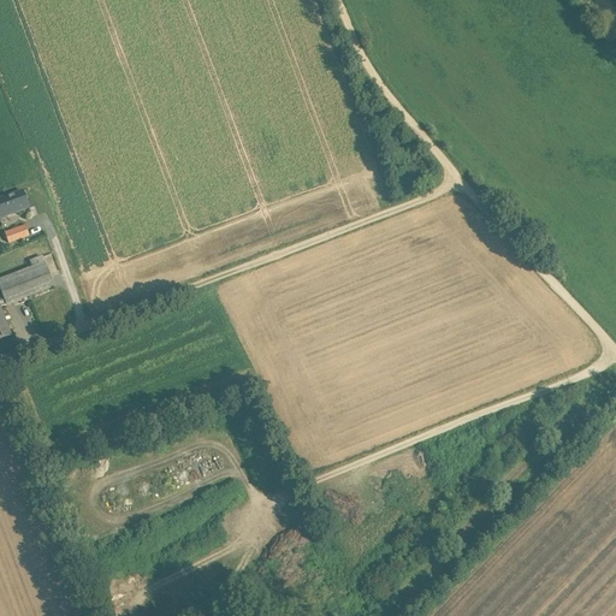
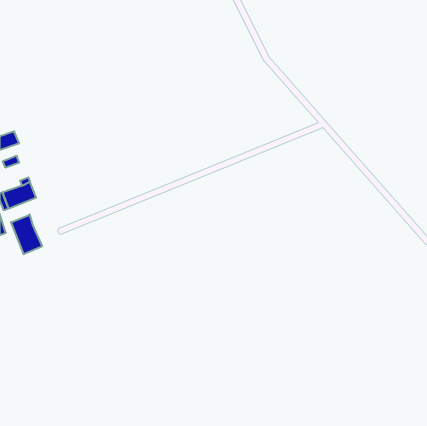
building: none -> [11,214,42,254]

